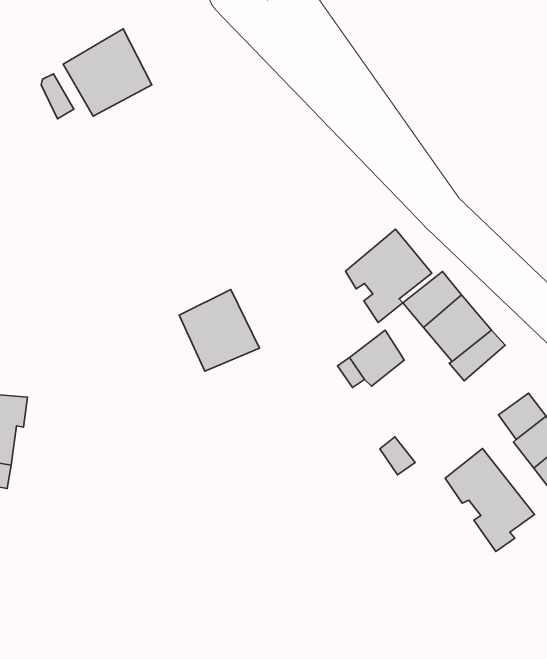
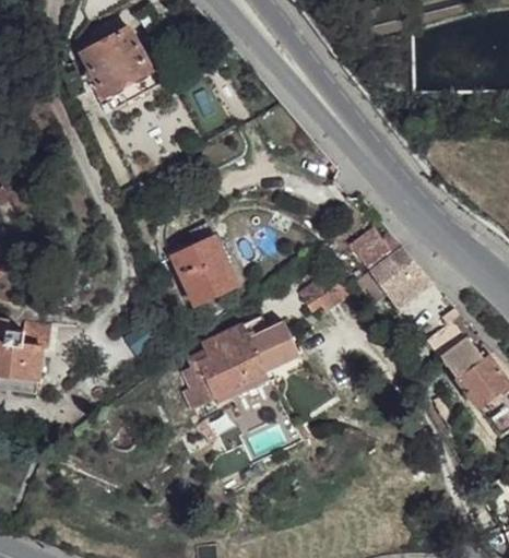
building: [346,229,432,323] -> none
building: none -> [180,321,298,407]
building: [445,448,535,552] -> none

